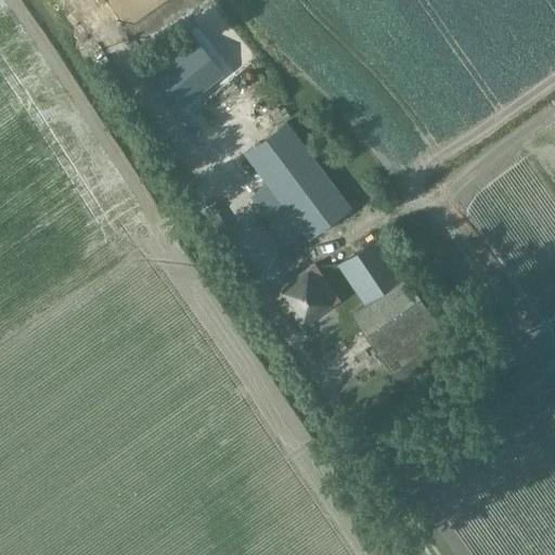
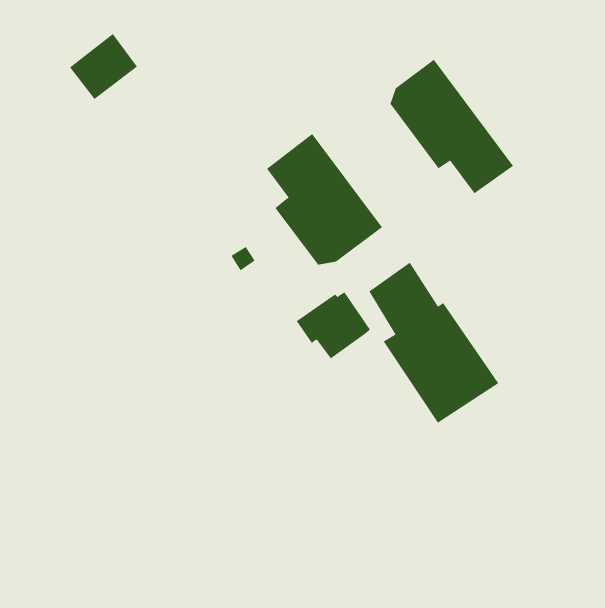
building: [159,43,222,104] -> [69,33,138,100]
building: none -> [390,59,514,194]

